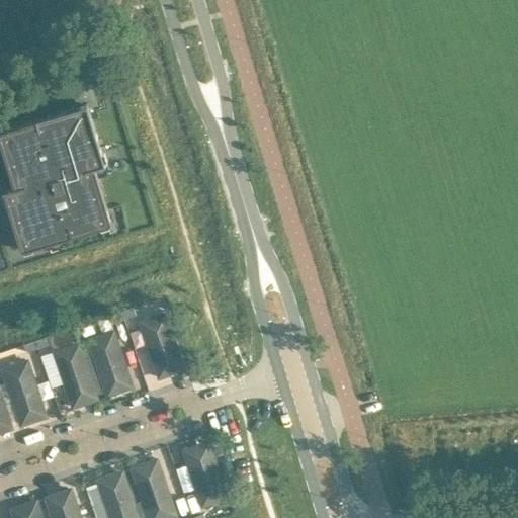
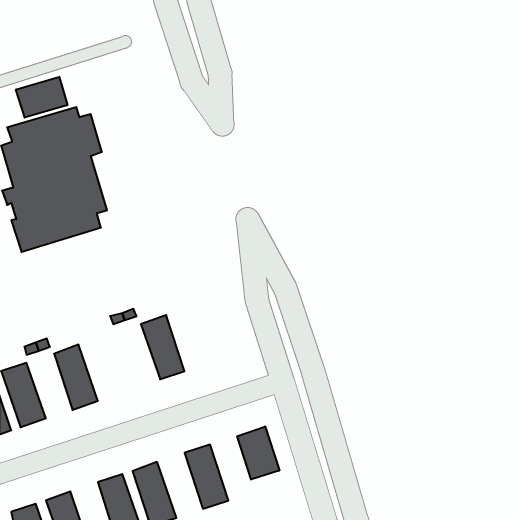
building: none -> [16,77,67,118]
building: [88,332,132,396] -> none
building: none -> [237,426,279,480]

